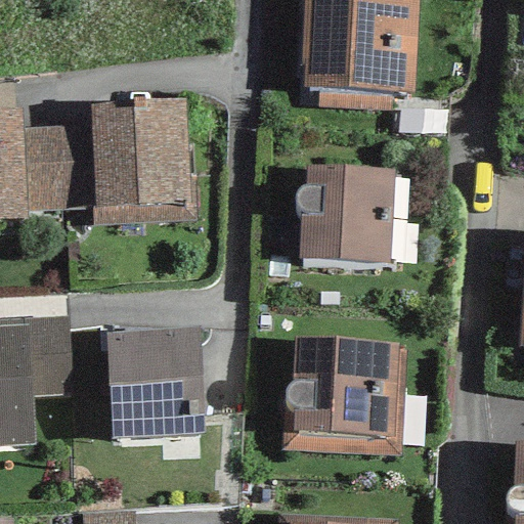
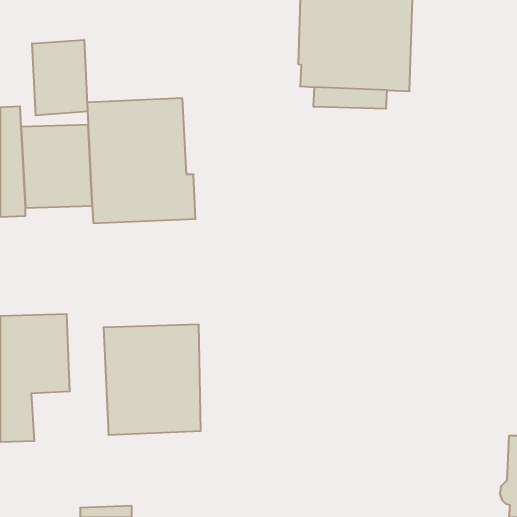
building: none -> [32,40,88,115]
building: [294,165,394,263] -> none
building: [285,337,406,454] -> none

